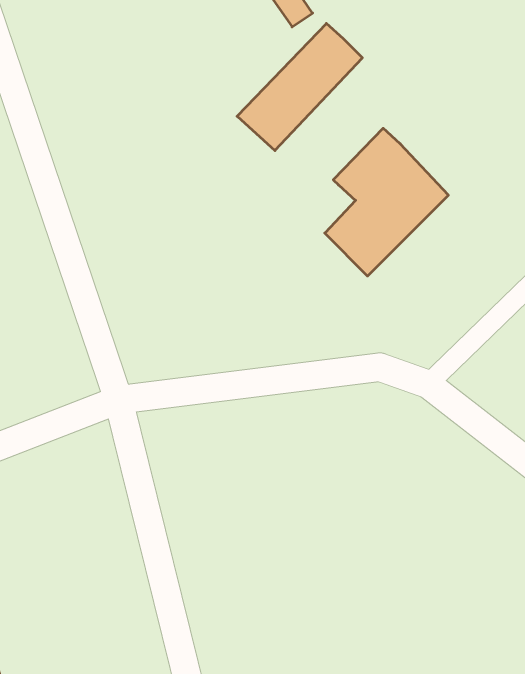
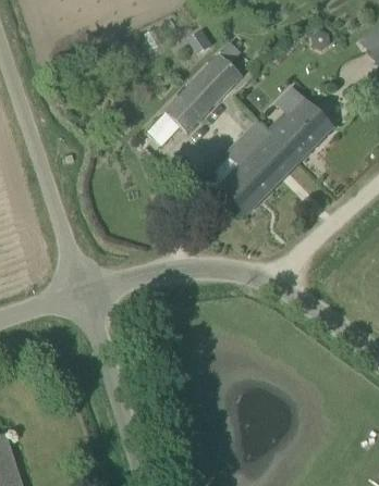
building: none -> [268,86,333,162]

